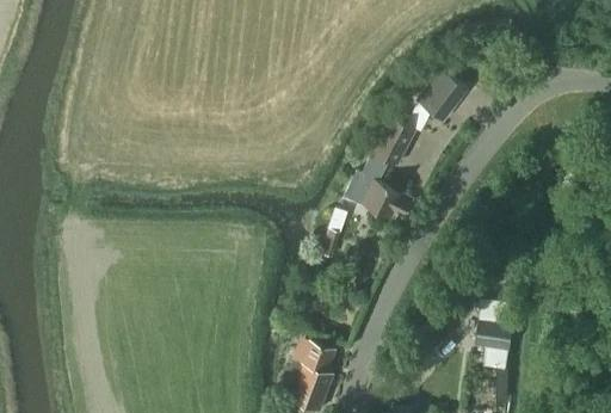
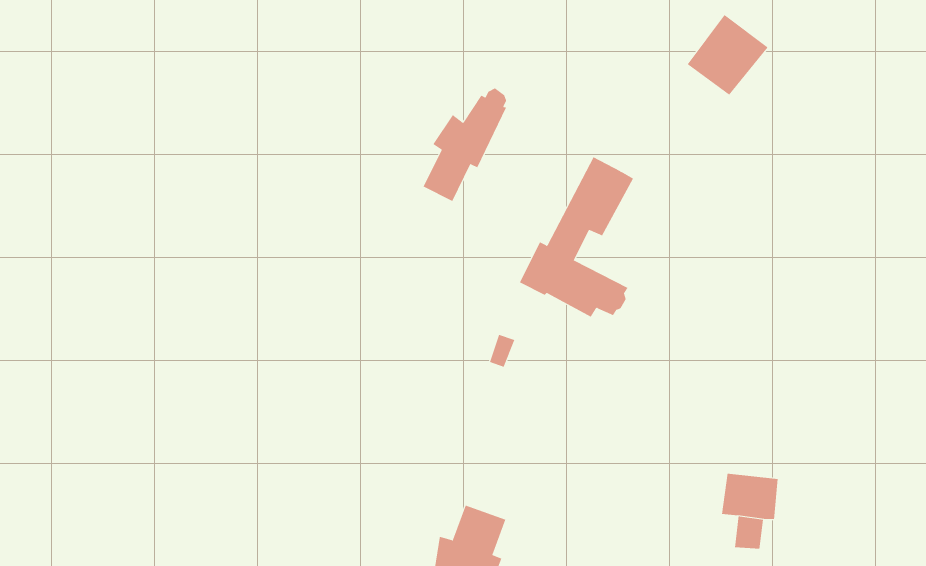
building: [416,69,469,122] -> [687,14,769,96]
building: none -> [423,88,507,202]

